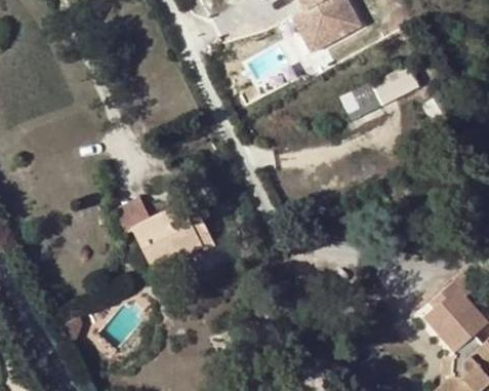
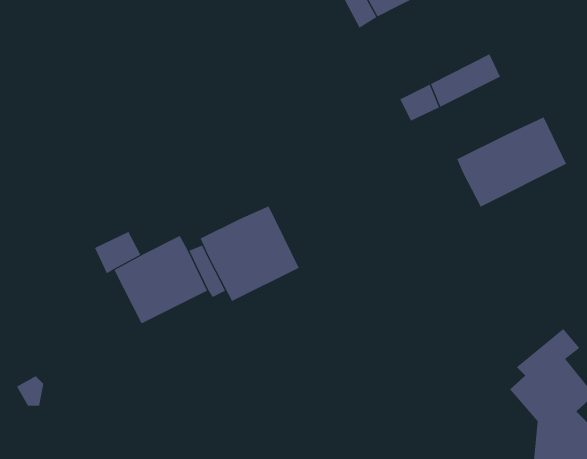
building: none -> [456,116,567,207]
building: none -> [200,205,300,302]

